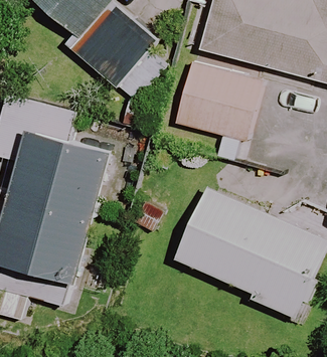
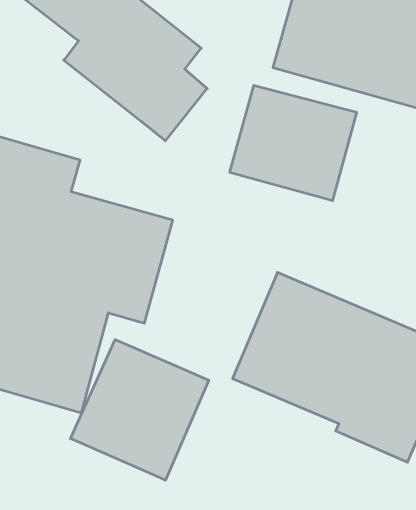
building: none -> [70,340,209,480]

